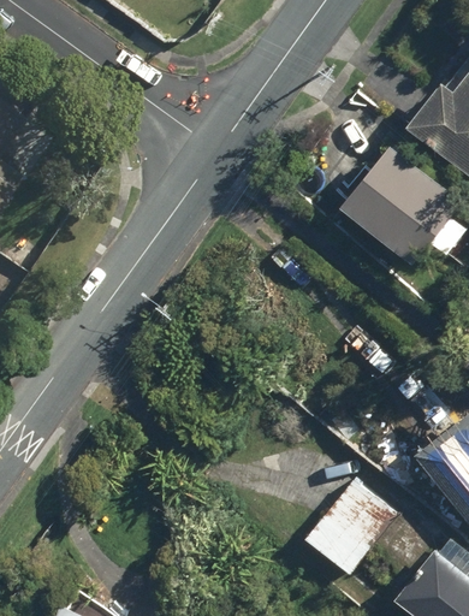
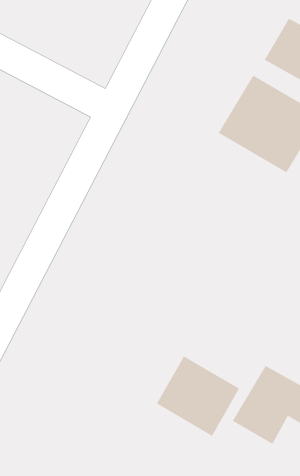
building: none -> [156,356,240,437]

